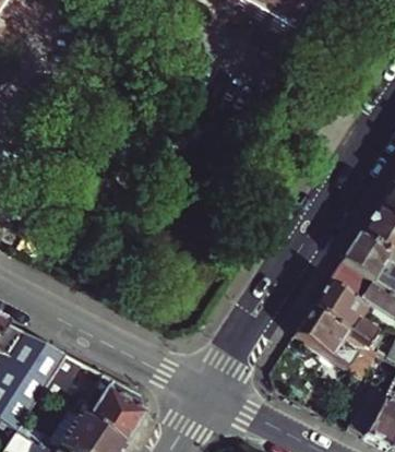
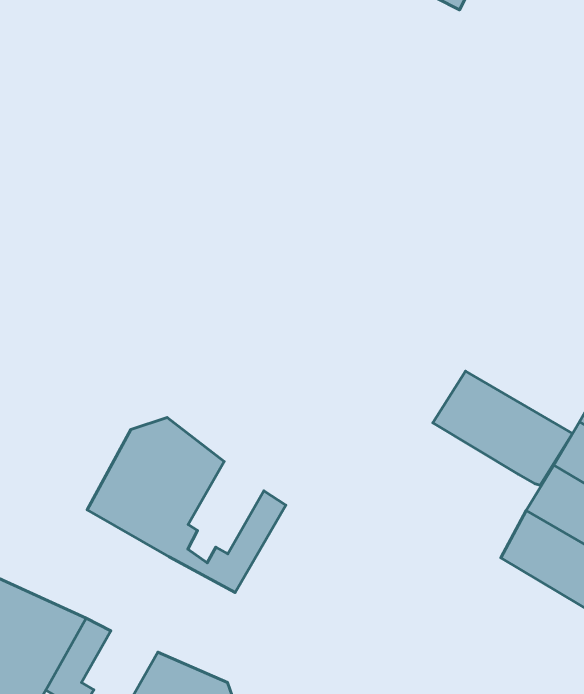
building: none -> [433,371,572,485]
building: none -> [87,417,286,593]

